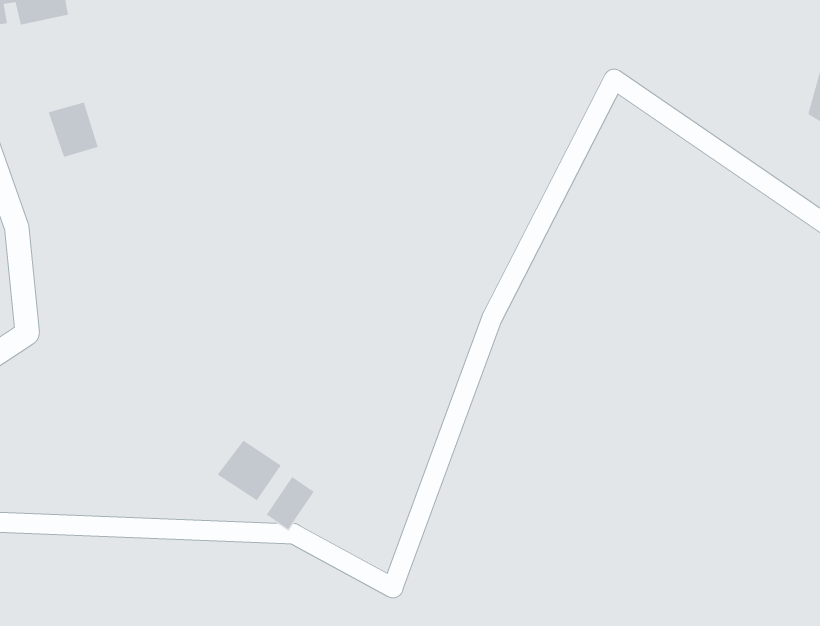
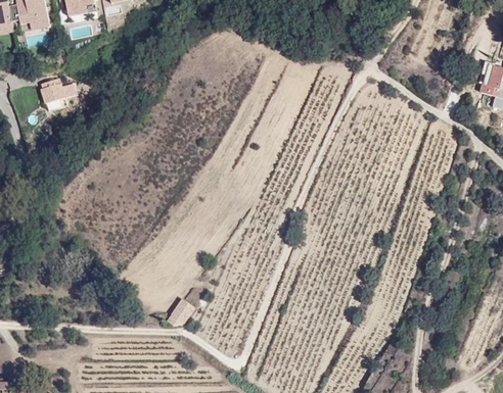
building: [217,440,281,501] -> none

